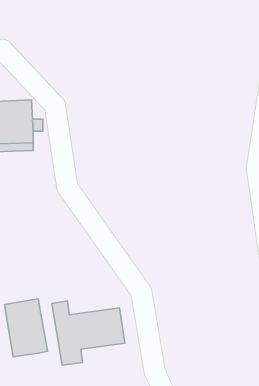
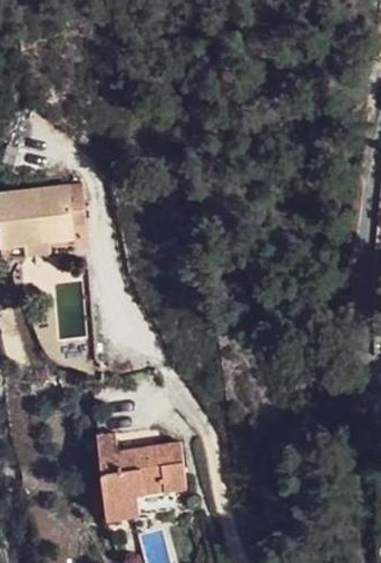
building: [4,299,47,357] -> none

